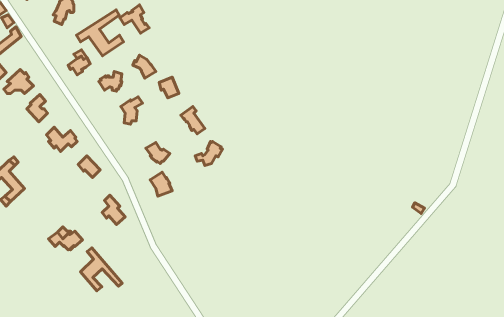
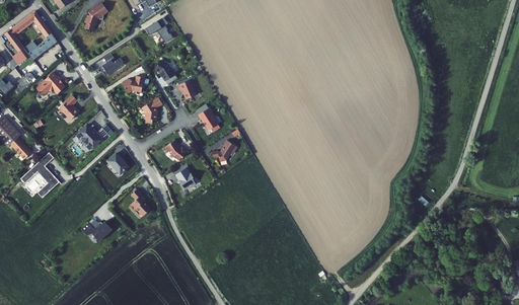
building: [76,10,124,56] -> none
building: [81,248,122,291] -> none

